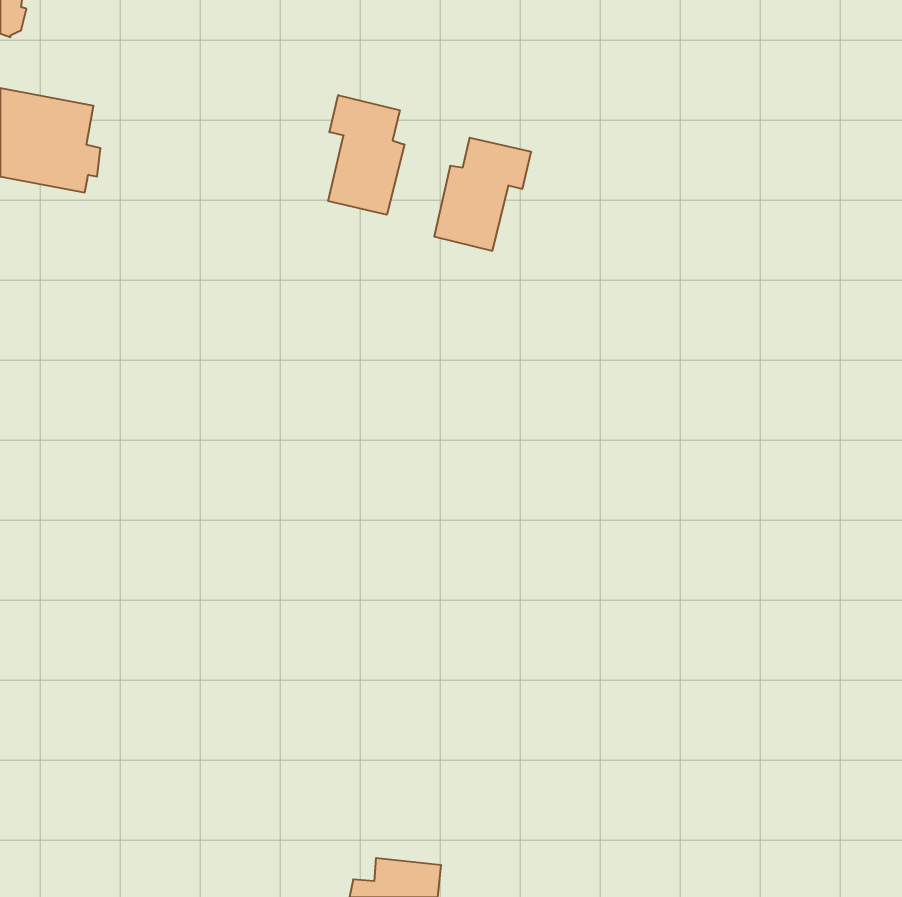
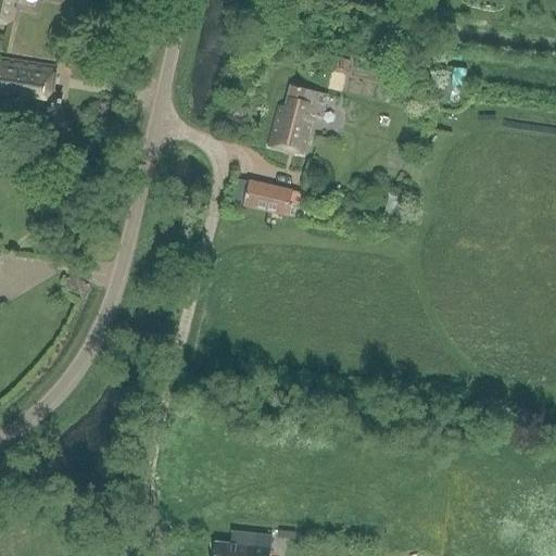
building: [328,95,404,215] -> none
building: none -> [243,179,292,214]

